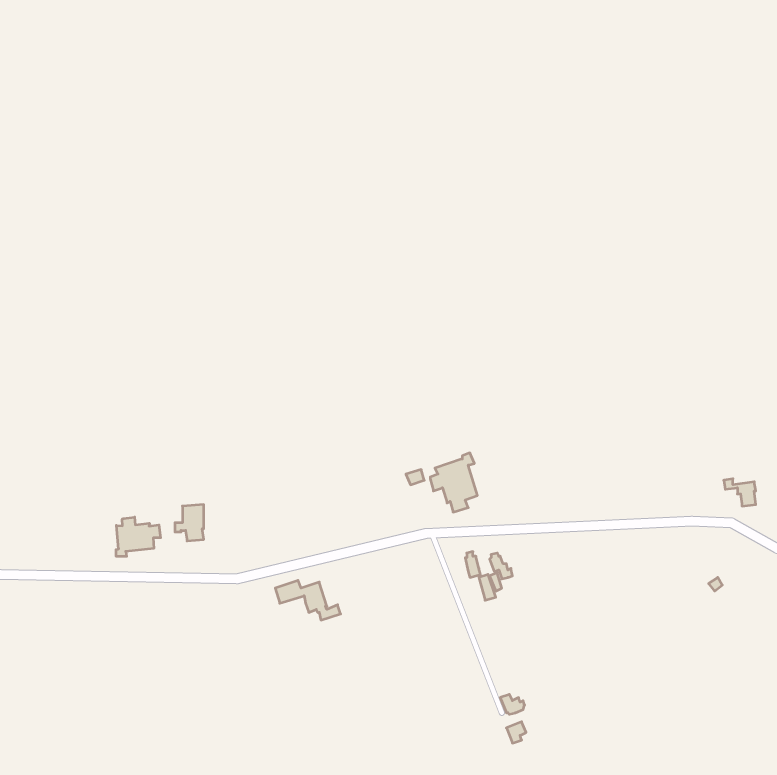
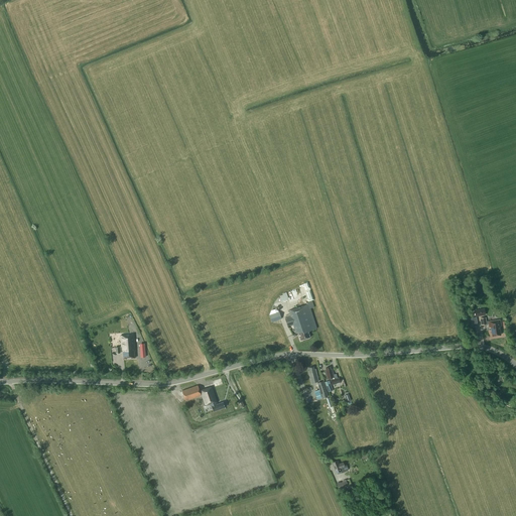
building: [116,517,161,556] -> none

